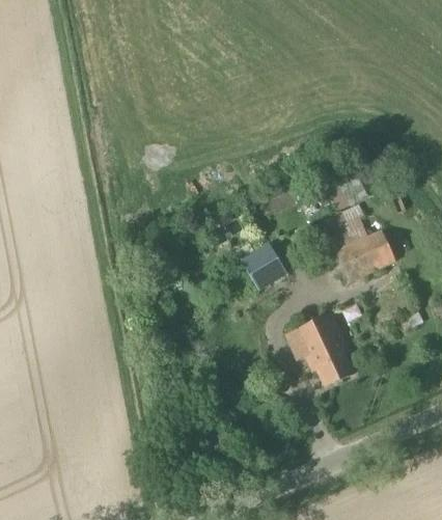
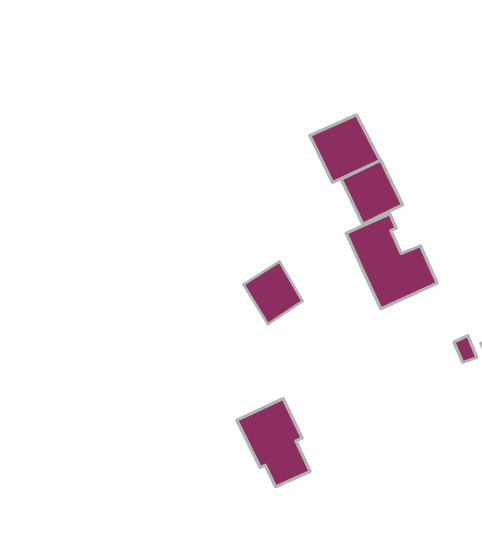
building: none -> [310,115,380,182]
building: [295,313,354,385] -> [237,398,310,487]

